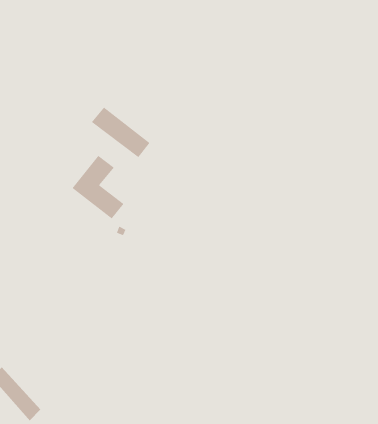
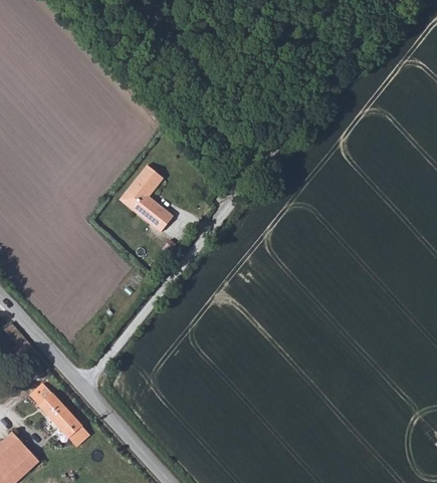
building: [91,107,150,158] -> none

